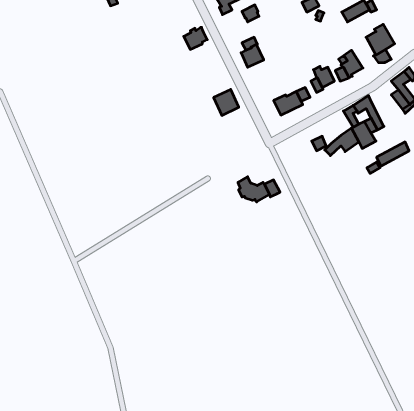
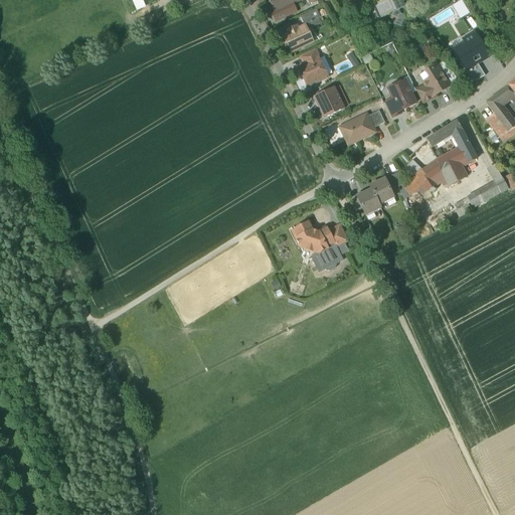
building: [184,27,207,49] -> [284,22,313,49]
building: [214,89,239,115] -> [314,84,345,117]
building: none -> [357,176,394,212]
building: none -> [312,240,348,270]

